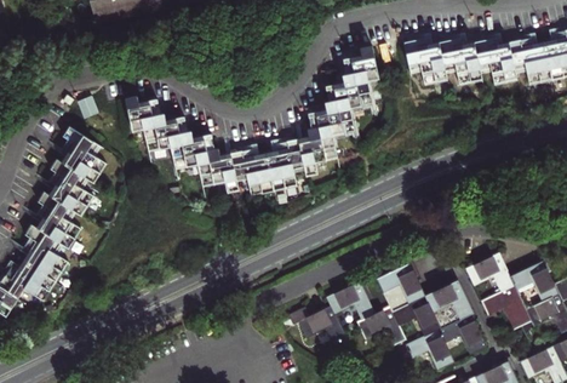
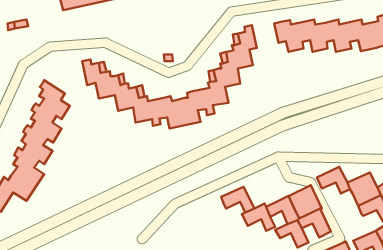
building: [377,262,426,309] -> none
building: [482,284,532,328] -> none
building: [290,304,346,343] -> none

